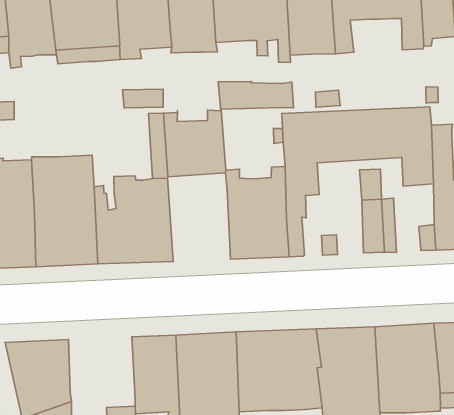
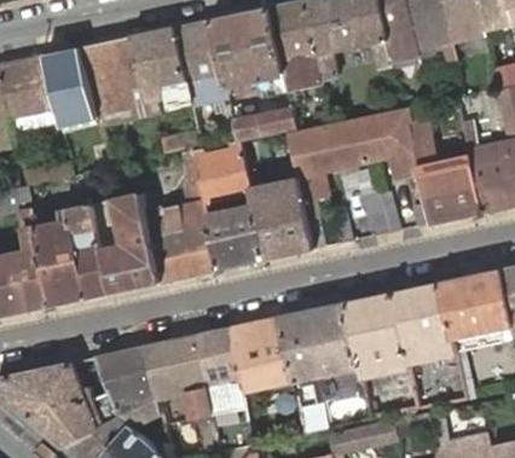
building: none -> [206,203,265,268]
building: none -> [145,335,207,395]

